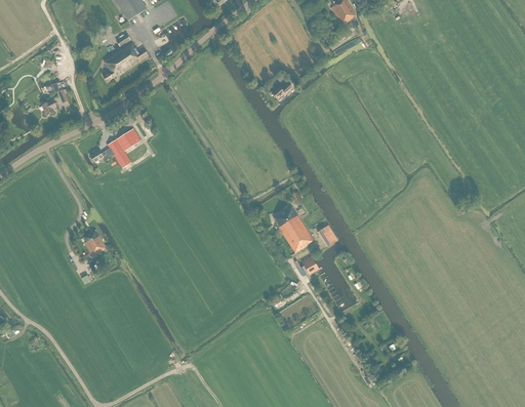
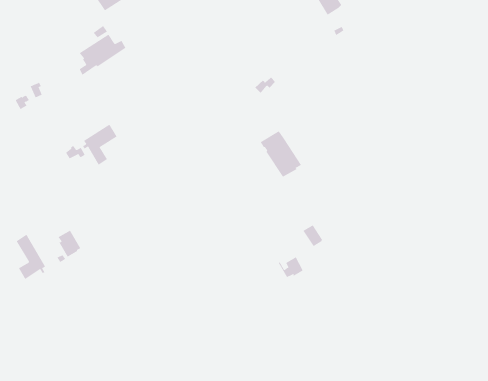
building: [274,207,314,252] -> [260,131,302,178]
building: none -> [16,234,46,280]

